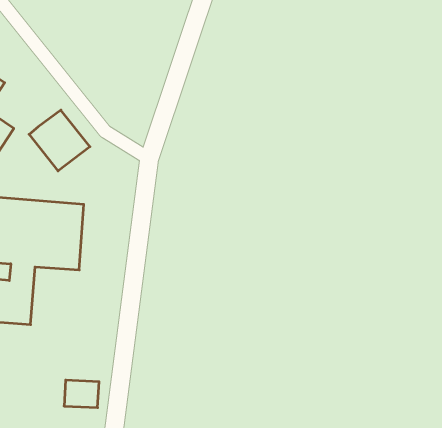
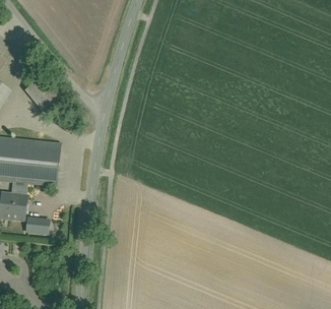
building: [64,380,99,408] -> [26,215,50,234]

